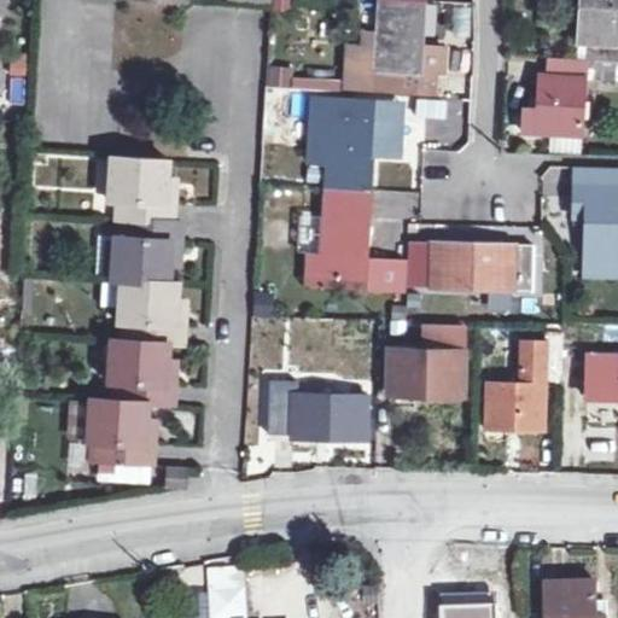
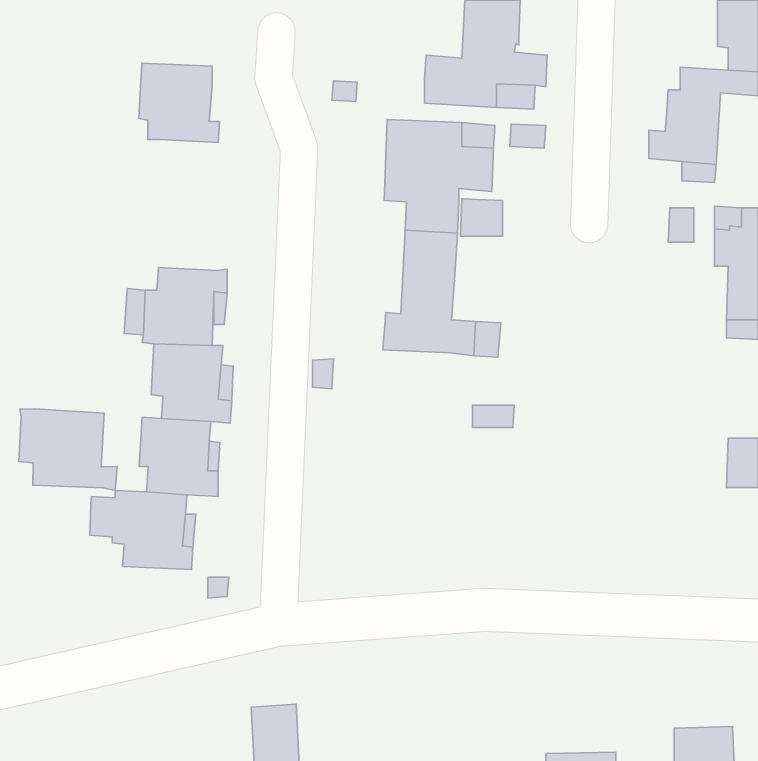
building: [111,157,176,221] -> [139,63,220,143]
building: [428,243,531,291] -> none
building: [390,327,465,397] -> none
building: none -> [19,409,117,490]
building: [483,333,562,432] -> none
building: [269,380,367,439] -> none

